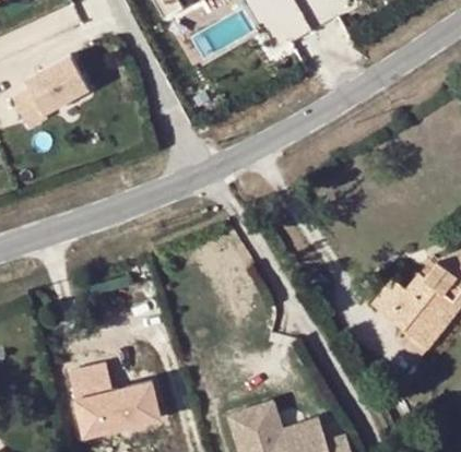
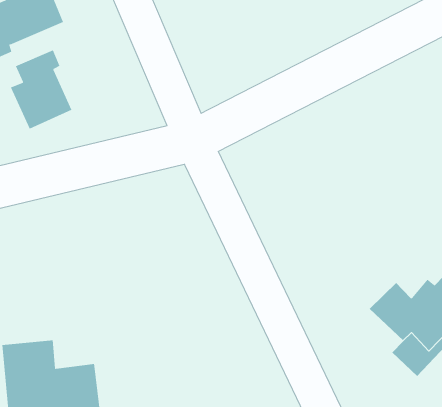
building: none -> [10,50,72,130]

